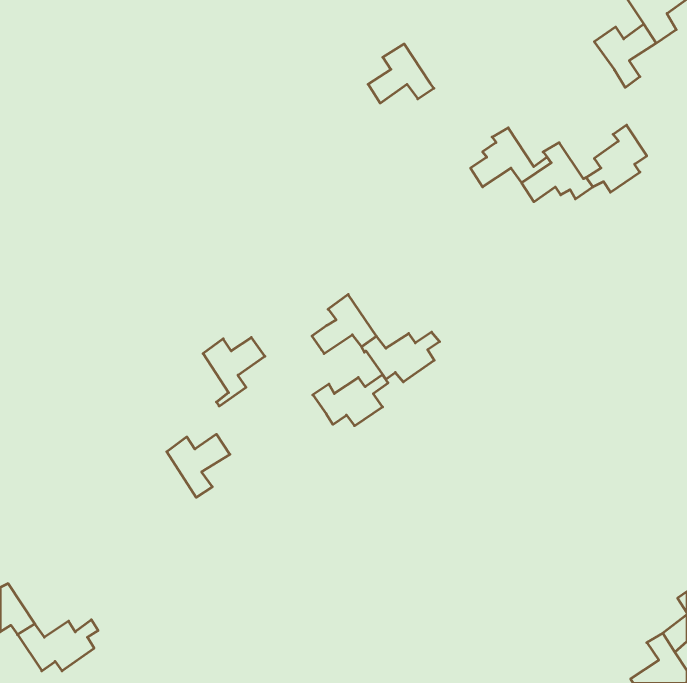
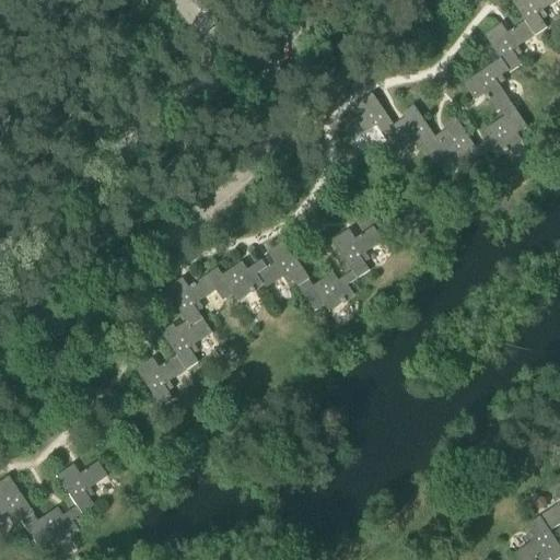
building: [368,44,434,103] -> [342,92,396,140]
building: none -> [463,57,510,112]
building: none -> [331,225,383,278]
building: [313,375,388,426] -> [205,258,266,300]
building: none -> [161,315,212,370]
building: none -> [54,459,106,513]

